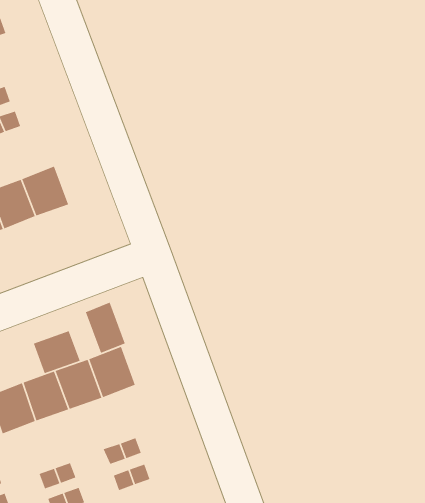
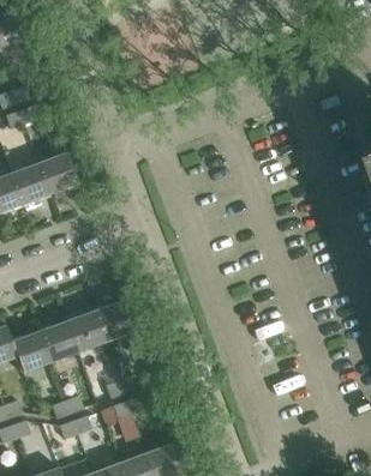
building: [85,302,126,354] -> none
building: [33,330,81,374] -> none

